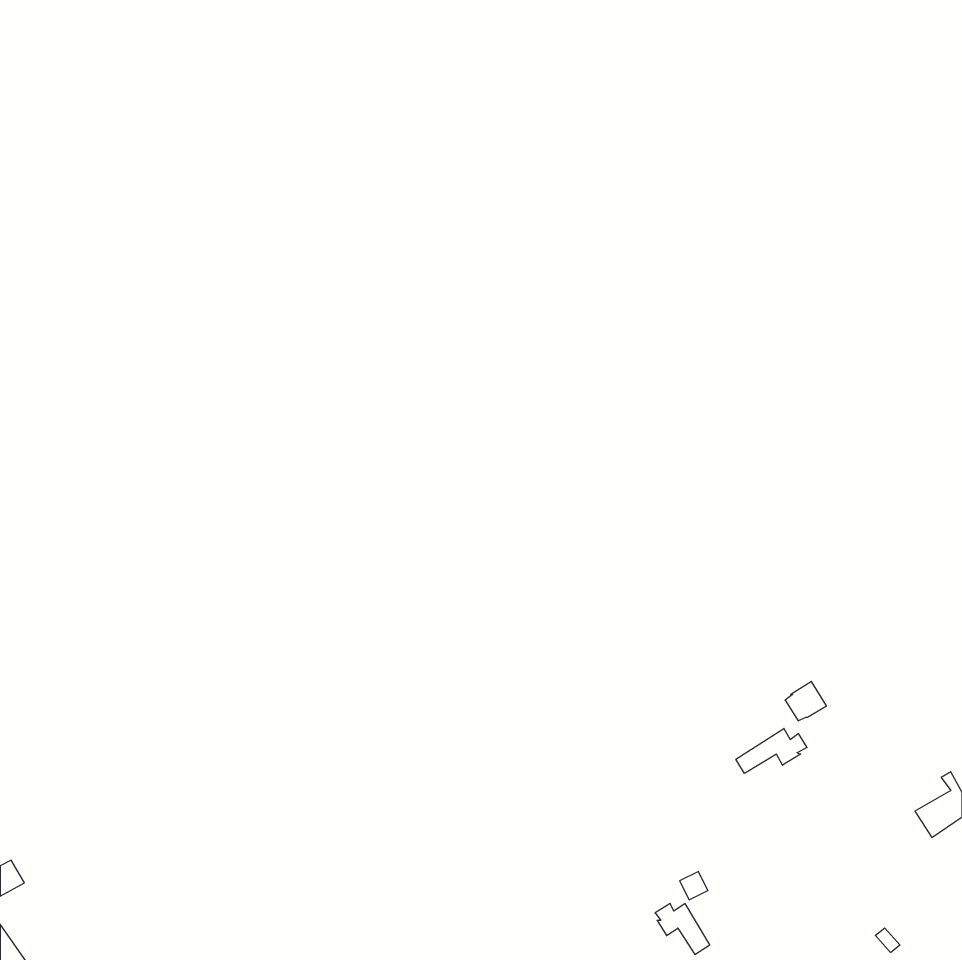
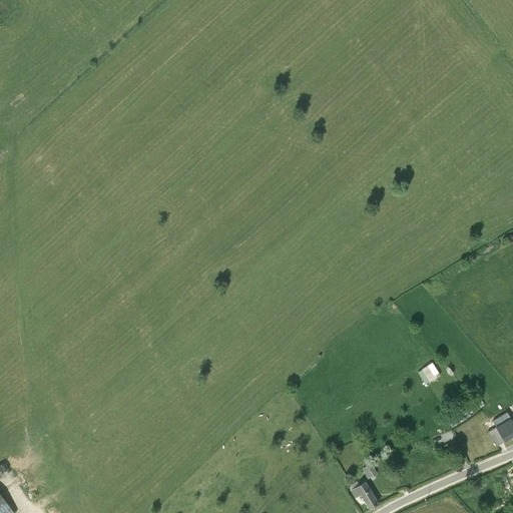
building: [736,728,807,773] -> none

